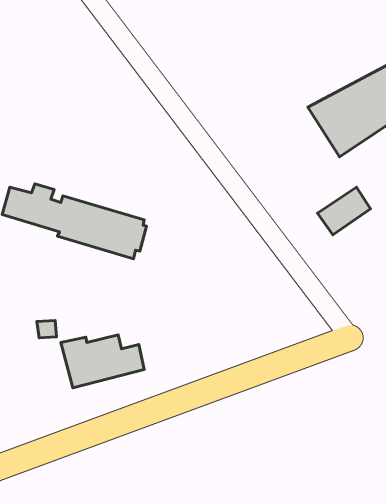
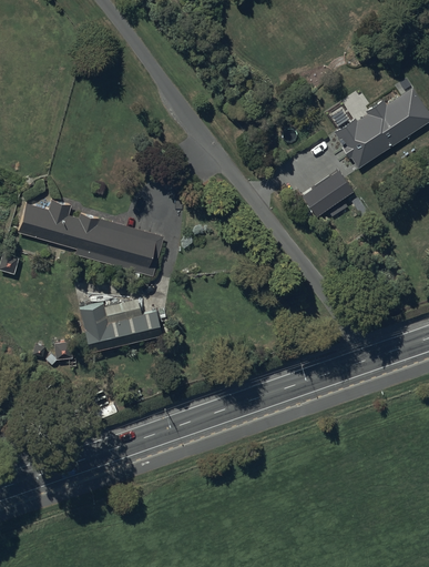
building: [317,187,371,235] -> [298,170,353,219]
building: [61,335,144,388] -> [78,298,163,353]

